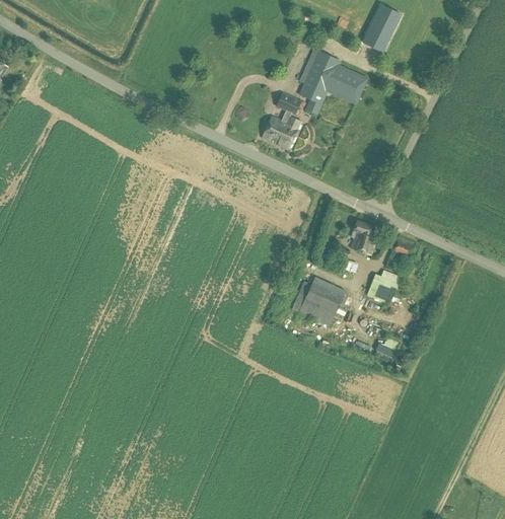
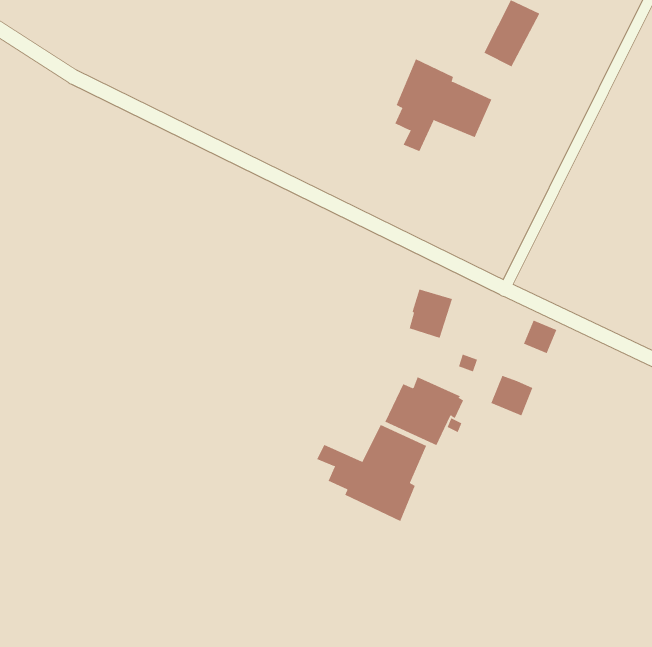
building: [262,91,300,149] -> none
building: [349,220,380,255] -> [409,289,453,338]
building: none -> [316,424,427,522]

